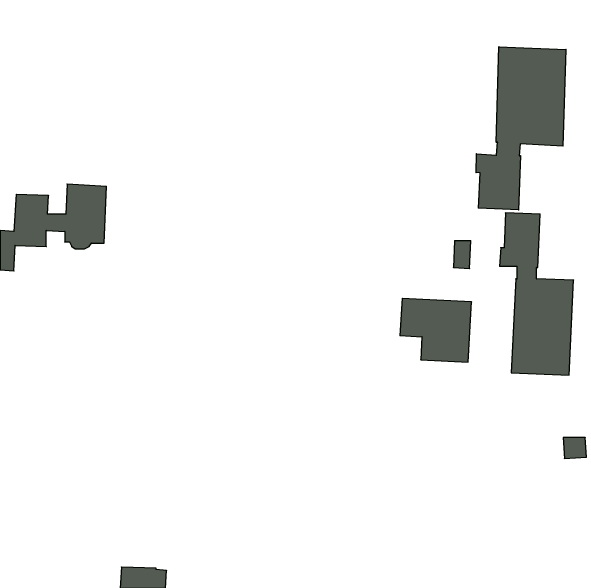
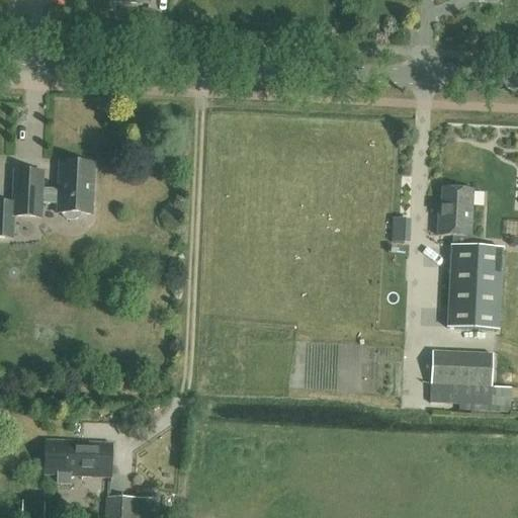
building: [476,47,566,210] -> none
building: [400,298,472,362] -> [430,349,493,405]
building: none -> [45,441,111,483]

